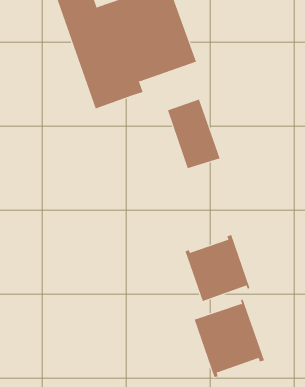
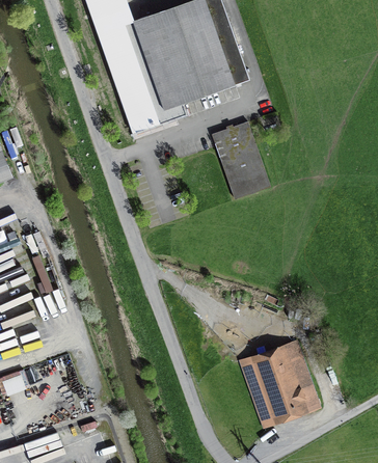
building: [185,234,250,302] -> none

